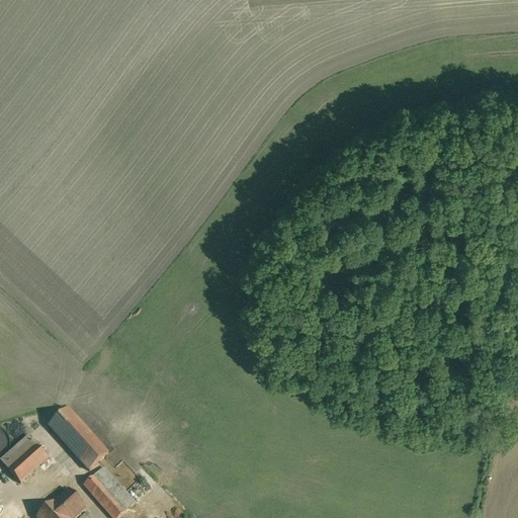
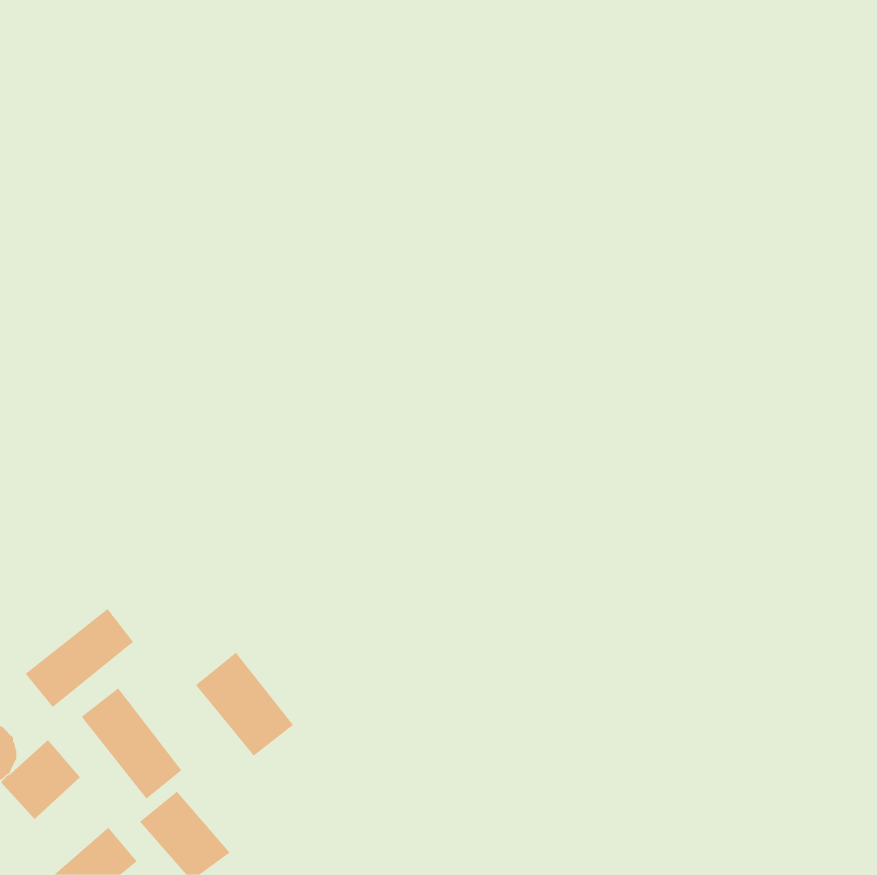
building: none -> [25,608,134,708]
building: none -> [195,652,294,756]

